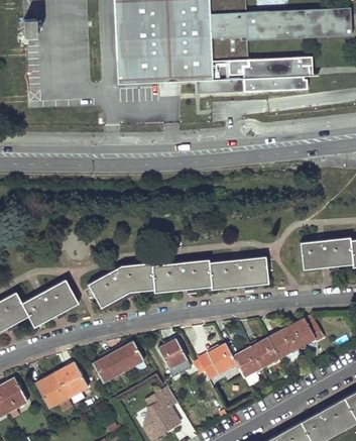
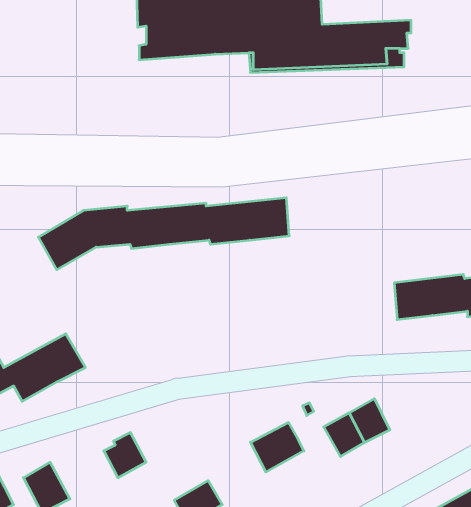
building: [89,257,268,309] -> [38,198,289,270]
building: [286,314,325,349] -> none
building: [157,338,192,376] -> none
building: [112,342,146,372] -> none
building: [232,347,262,378] -> none
building: [54,362,89,399] -> none

